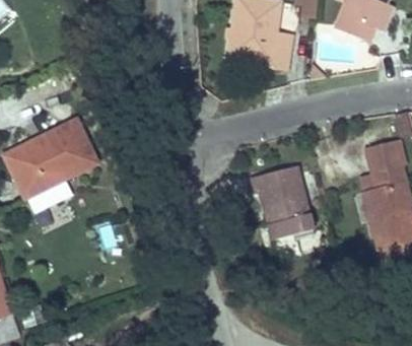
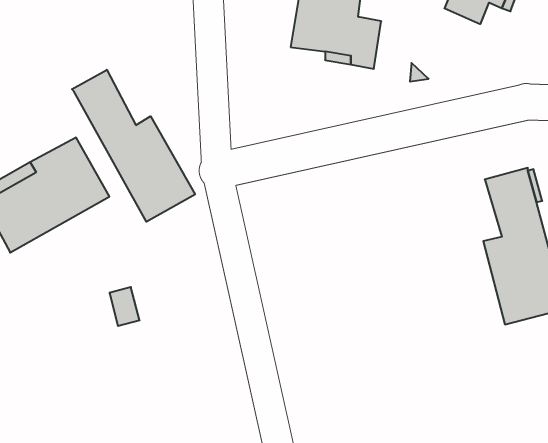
building: none -> [72,70,195,222]
building: [250,166,315,241] -> none

